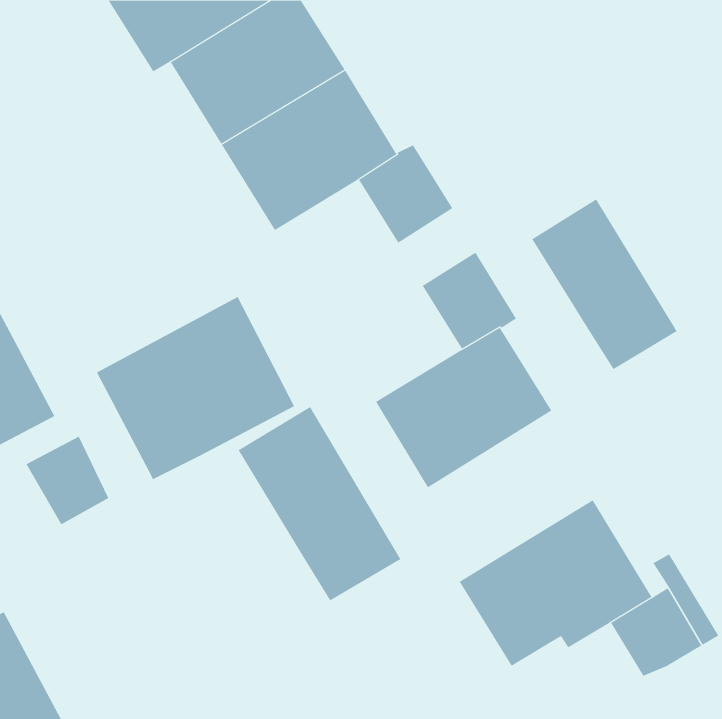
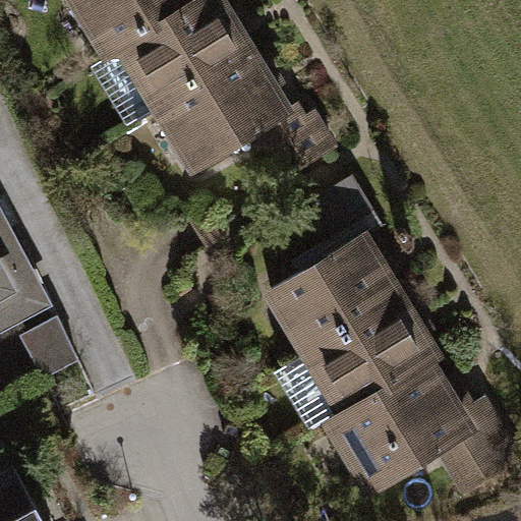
building: [531,198,677,369] -> none
building: [96,296,295,480] -> none
building: [238,406,401,601] -> none
building: none -> [307,298,433,413]

